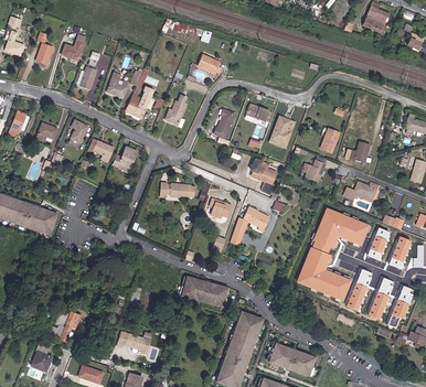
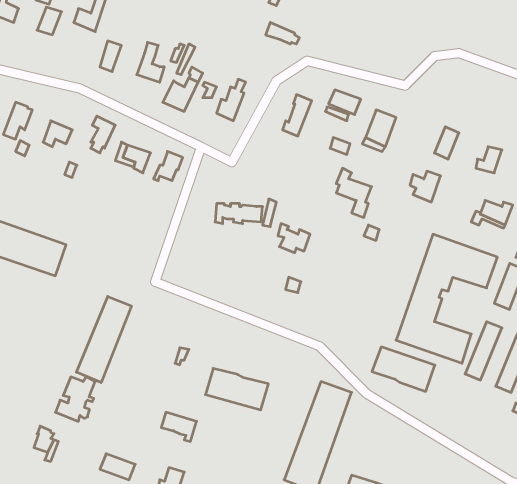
building: [230,207,265,246] -> none
building: none -> [76,296,131,383]
building: [182,278,227,308] -> [205,368,268,410]
building: [268,345,313,377] -> [372,347,435,391]

